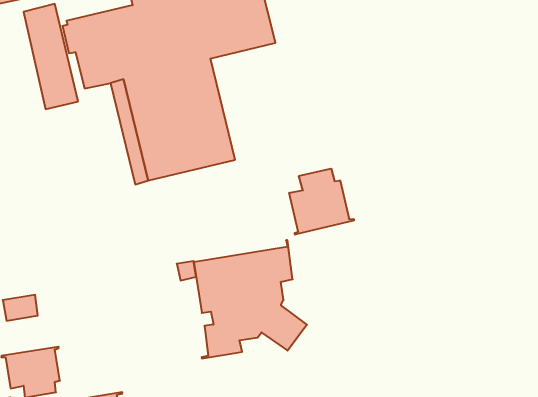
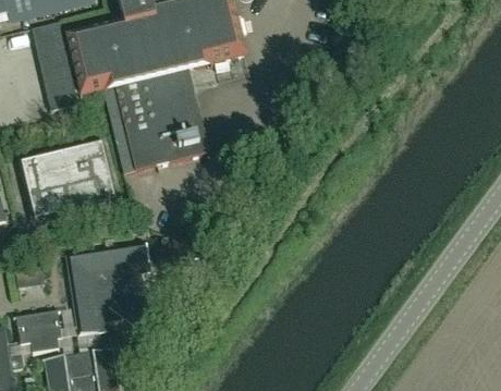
building: none -> [20,139,117,219]
building: [289,169,354,235] -> none
building: [194,240,307,358] -> [68,236,162,335]

